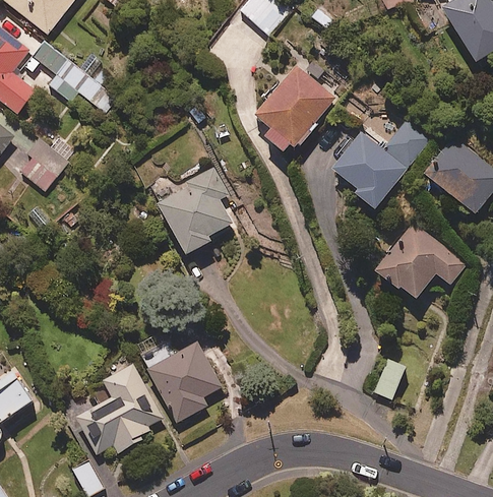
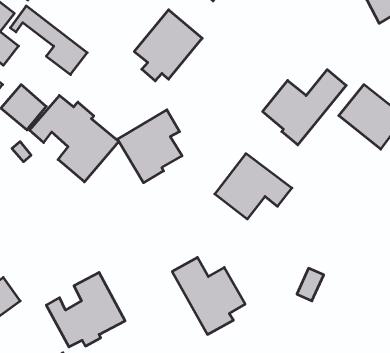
building: [254,64,336,150] -> [134,10,202,81]
building: none -> [30,95,119,182]
building: [375,221,469,300] -> [215,154,292,219]
building: [133,329,222,423] -> [172,257,245,334]

